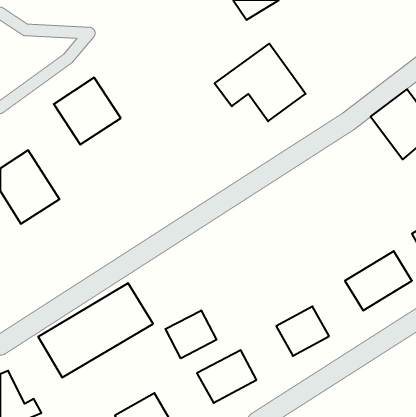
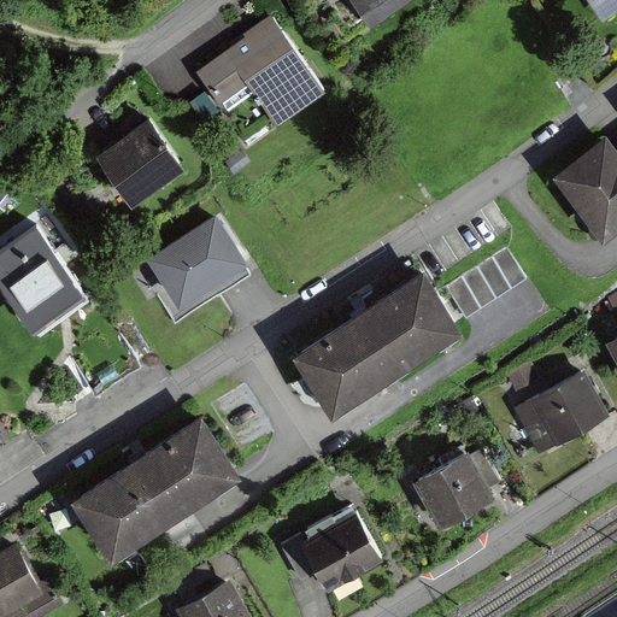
building: [215,44,306,121] -> [196,23,329,136]
building: none -> [164,228,252,307]
building: none -> [288,269,460,416]
building: [165,310,217,358] -> none

